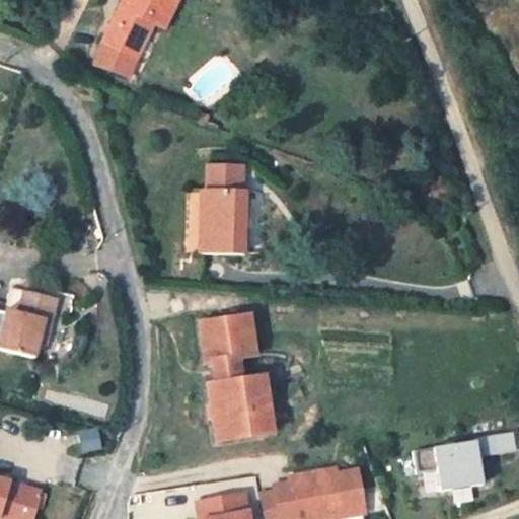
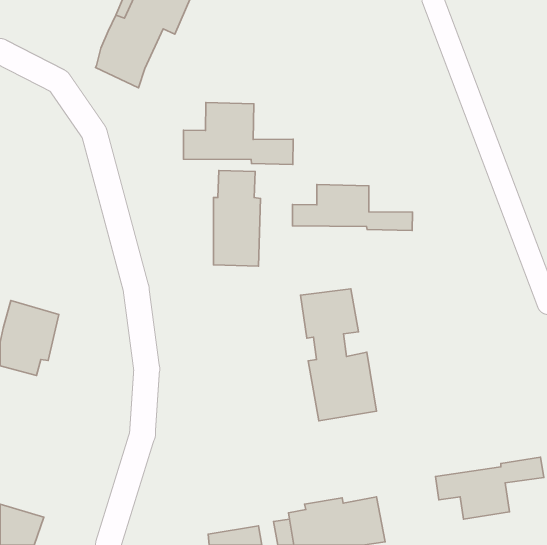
building: none -> [183,103,293,164]
building: none -> [292,185,412,230]
building: [201,314,273,439] -> [300,289,377,421]

